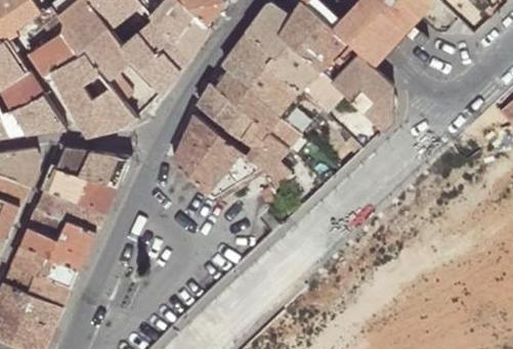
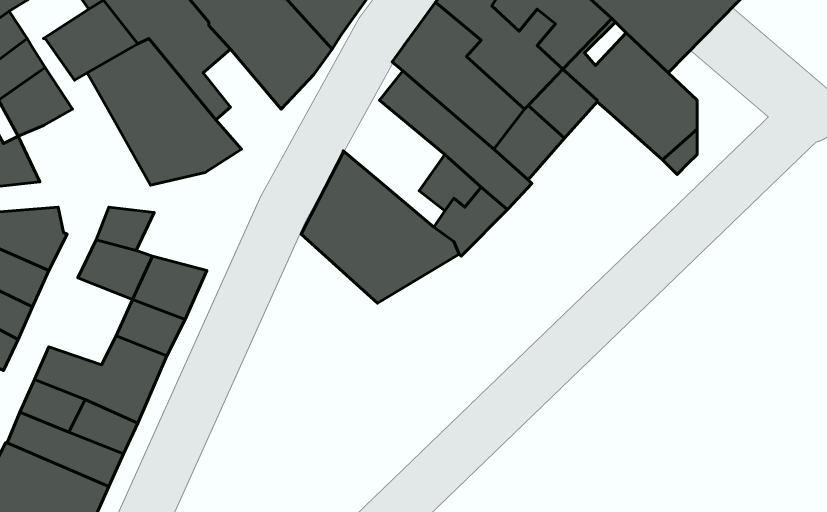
building: [198,84,252,138] -> none
building: [11,92,65,133] -> none
building: [78,150,130,183] -> none
building: [29,187,76,236] -> none

